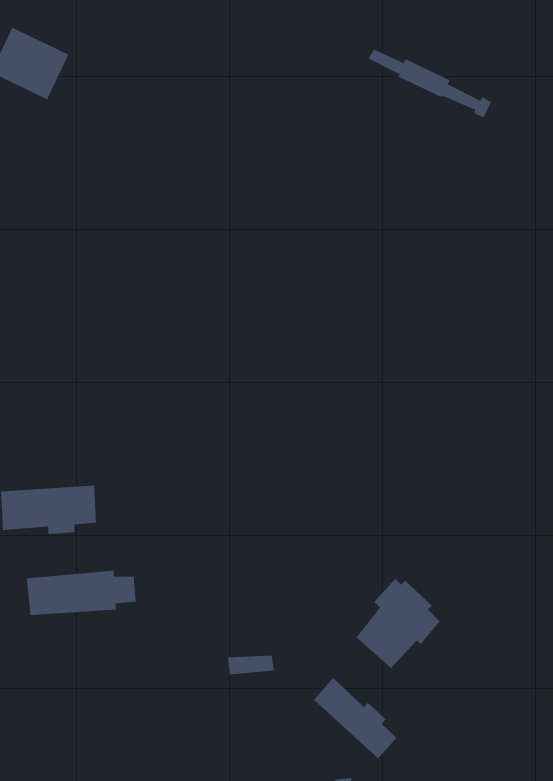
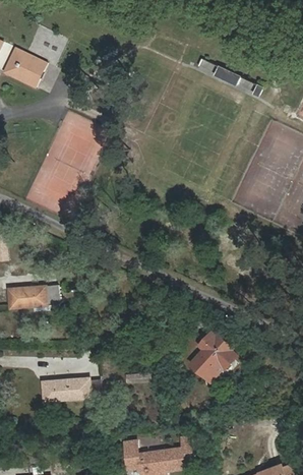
building: [26,570,136,616] -> [43,376,100,400]
building: [313,677,397,759] -> none

